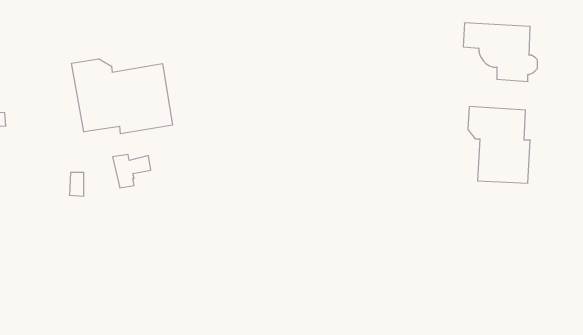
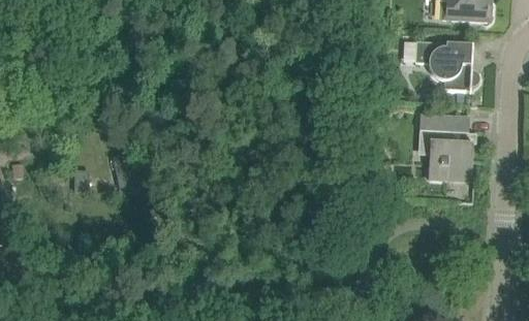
building: [72,59,172,134] -> none

